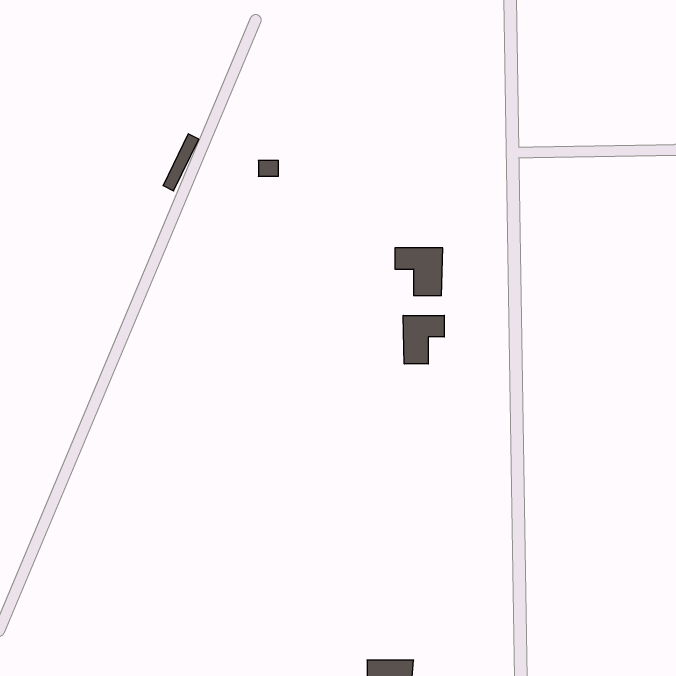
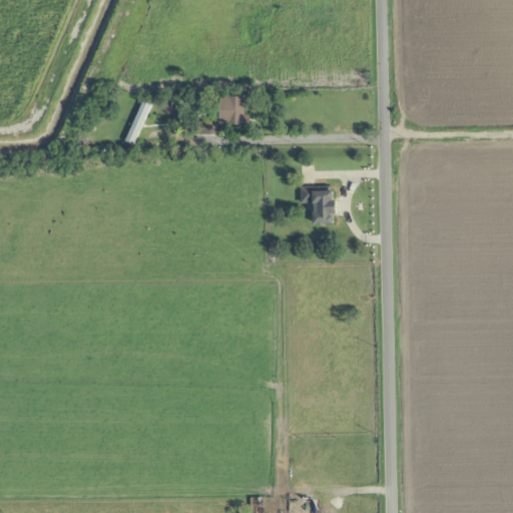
building: none -> [218,97,243,124]
building: [403,315,444,364] -> none

